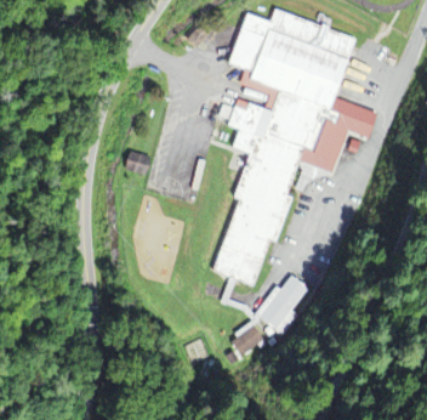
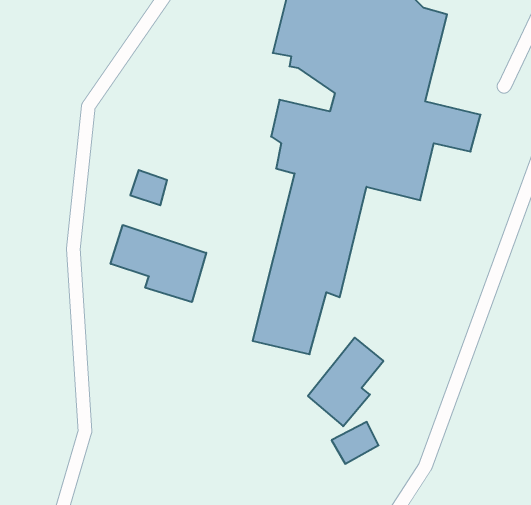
building: none -> [111,225,206,302]
building: [232,325,266,356] -> [332,422,379,464]

